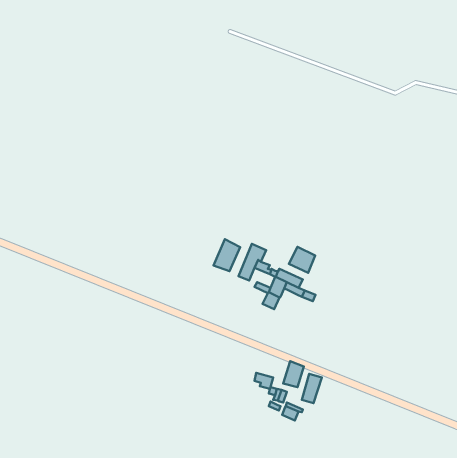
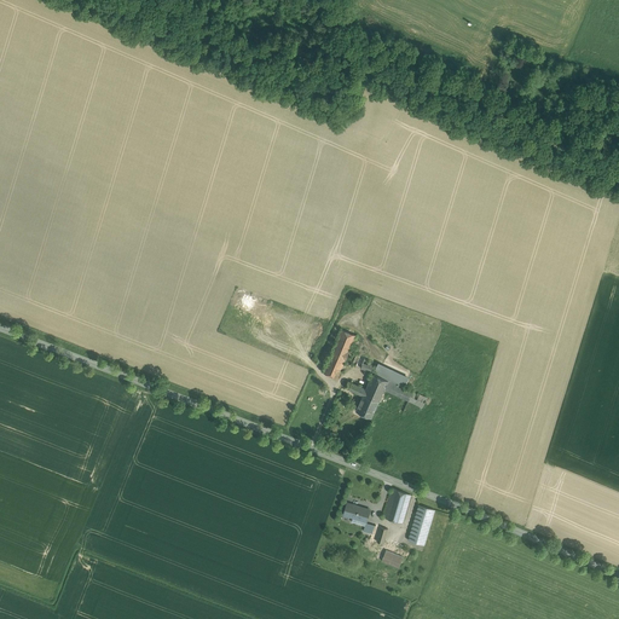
building: [213,239,240,271] -> none
building: [289,247,315,273] -> none

